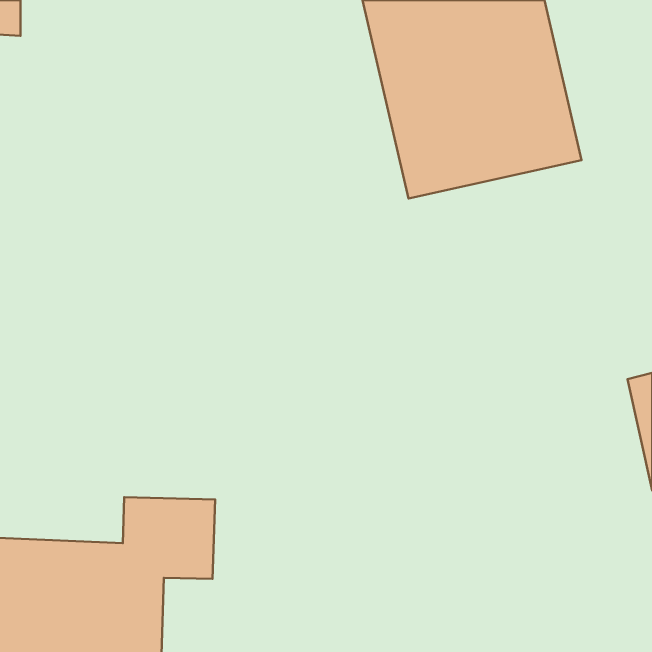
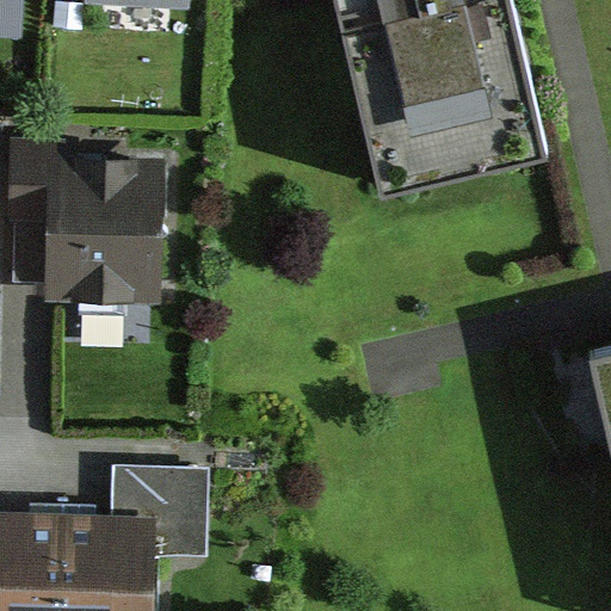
building: none -> [7,137,159,291]

